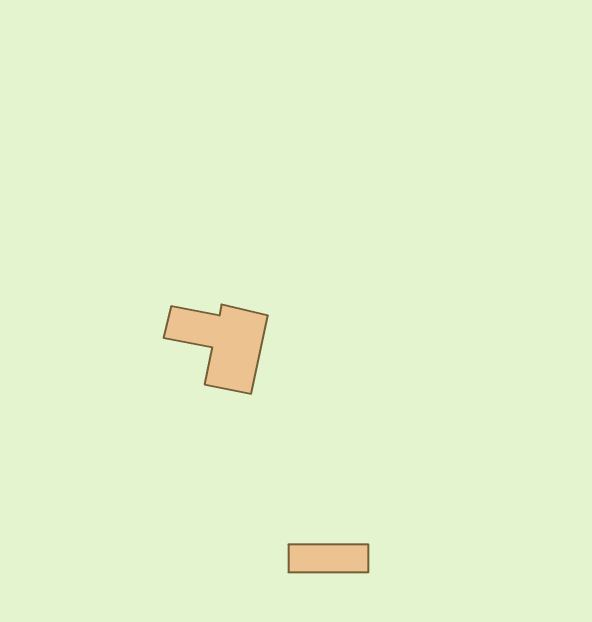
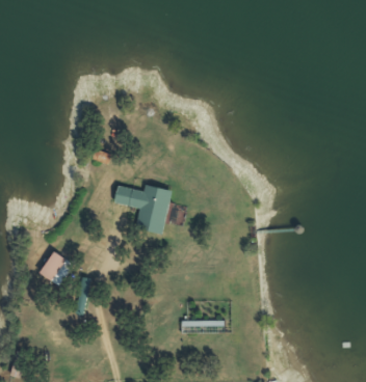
building: none -> [37,251,73,288]

